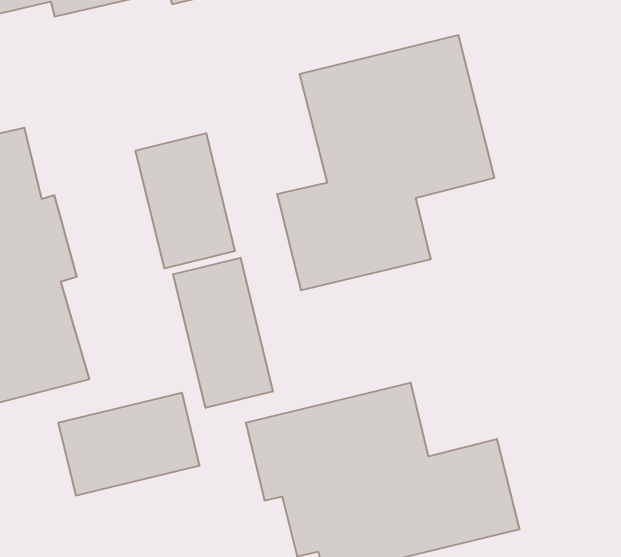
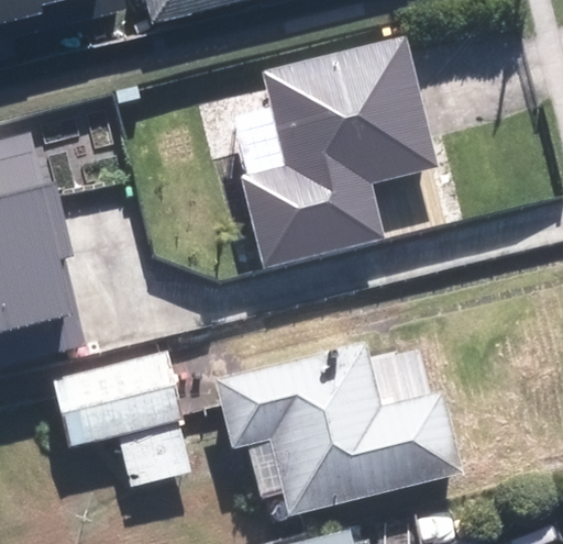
building: [136,133,235,268] -> none
building: [173,258,273,408] -> none

